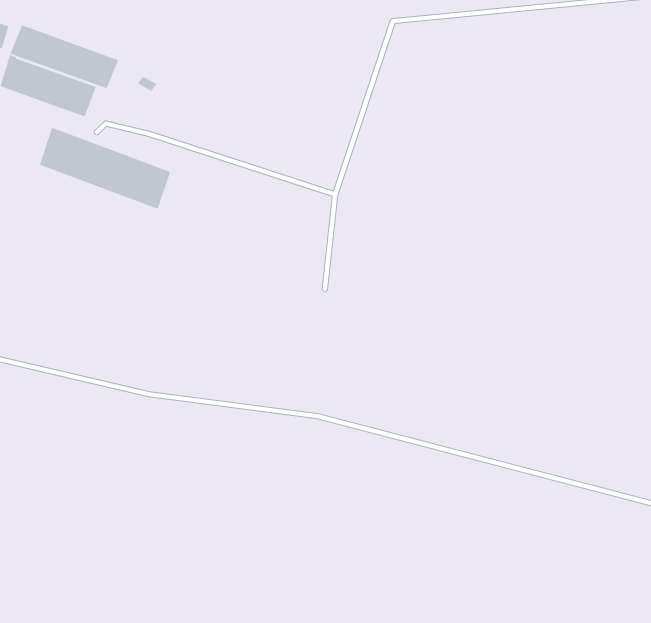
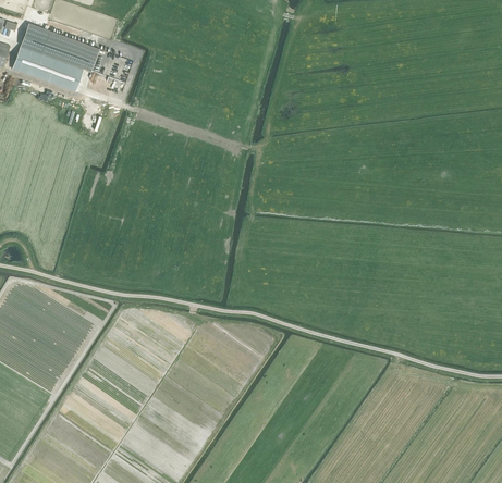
building: [39,127,171,210] -> none

